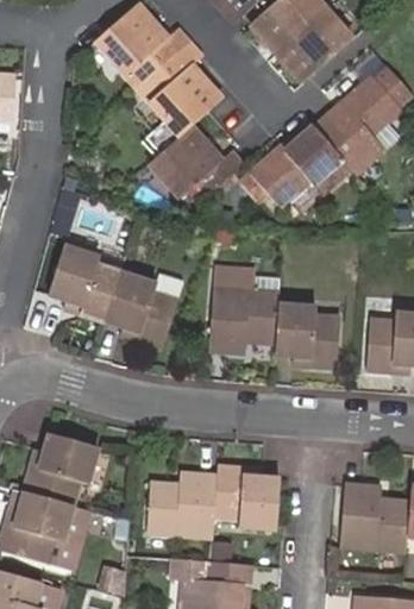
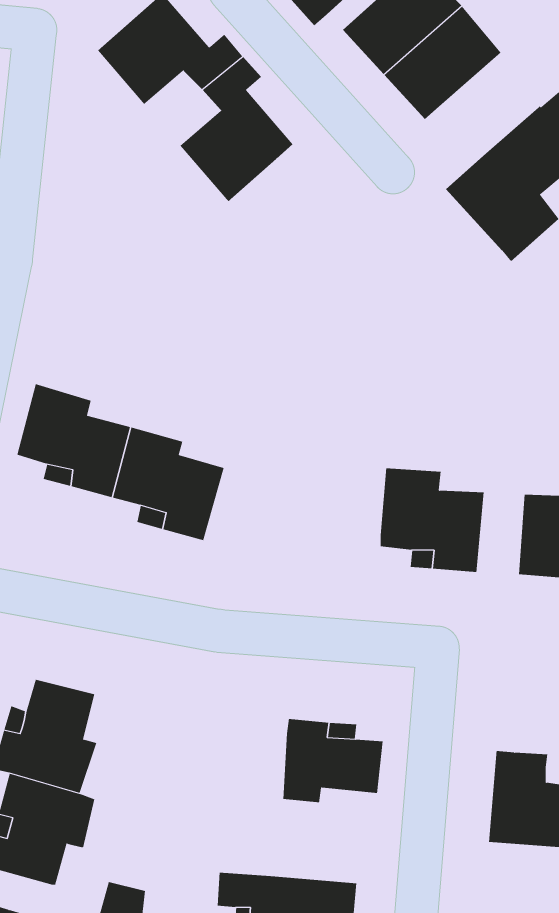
building: [124,50,173,98] -> none
building: [149,106,243,194] -> none
building: [243,119,351,201] -> none
building: [205,265,277,353] -> none
building: [145,467,214,532] -> none

